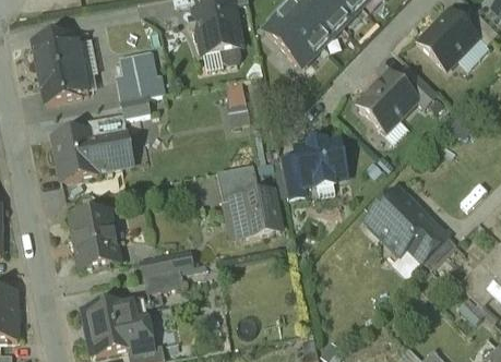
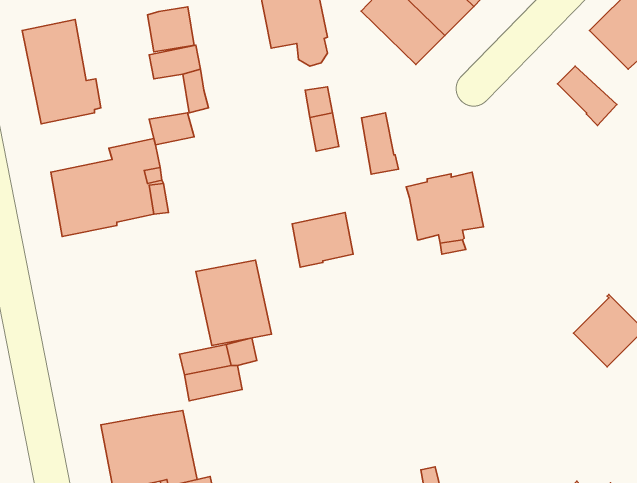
building: [116,70,147,100] -> [147,7,194,52]
building: [359,70,417,129] -> none
building: [281,154,306,195] -> [362,113,399,174]
building: [367,188,432,252] -> none
building: [238,189,279,234] -> none
building: [69,210,120,268] -> [196,260,271,346]

